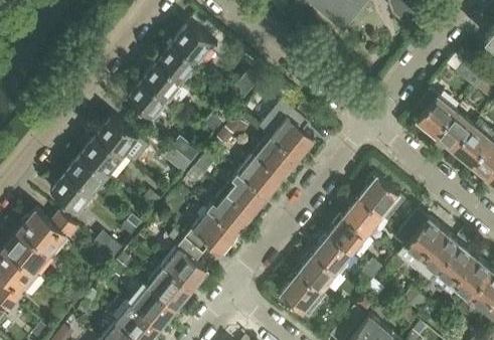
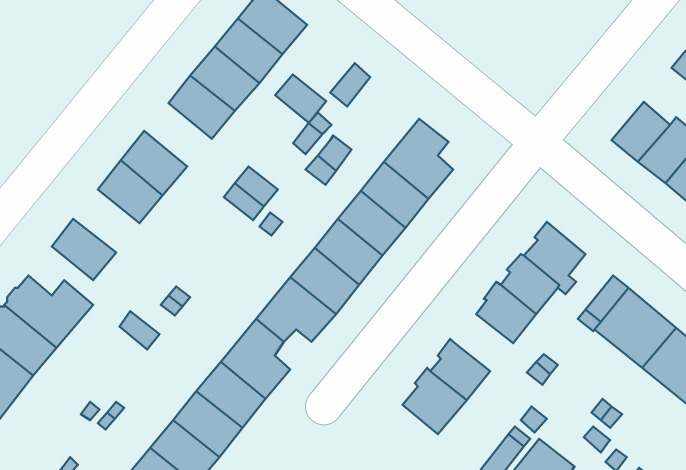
building: none -> [275,74,326,123]
building: [64,154,108,195] -> none
building: [313,233,352,273] -> none

